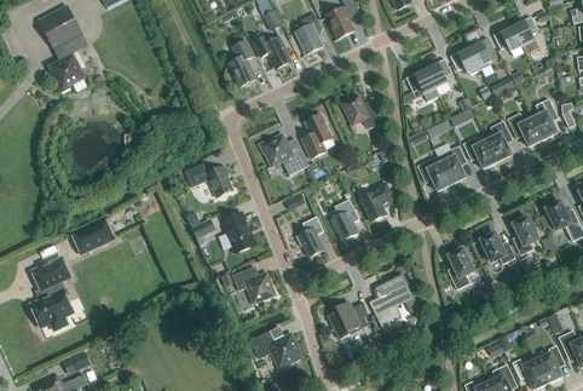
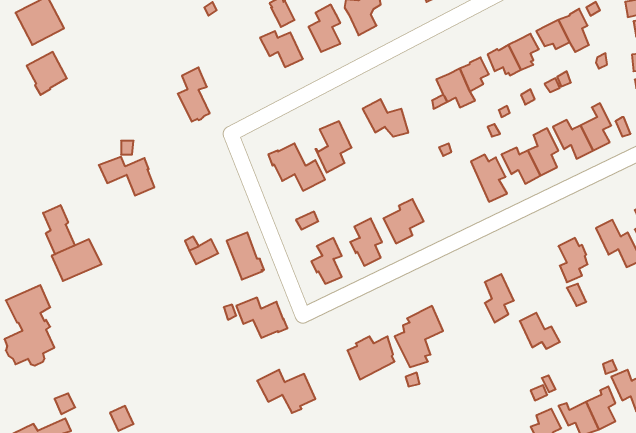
building: [229,39,256,86] -> [178,67,210,122]
building: [419,156,452,190] -> none
building: [185,163,233,197] -> [99,157,154,196]
building: none -> [43,205,75,254]
building: [480,231,515,263] -> [520,313,560,349]

